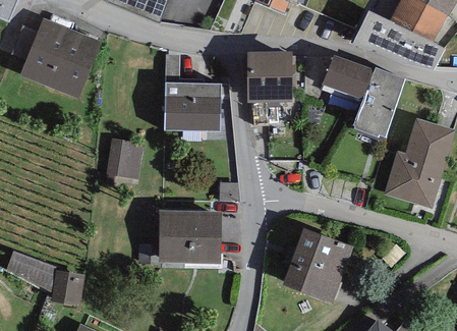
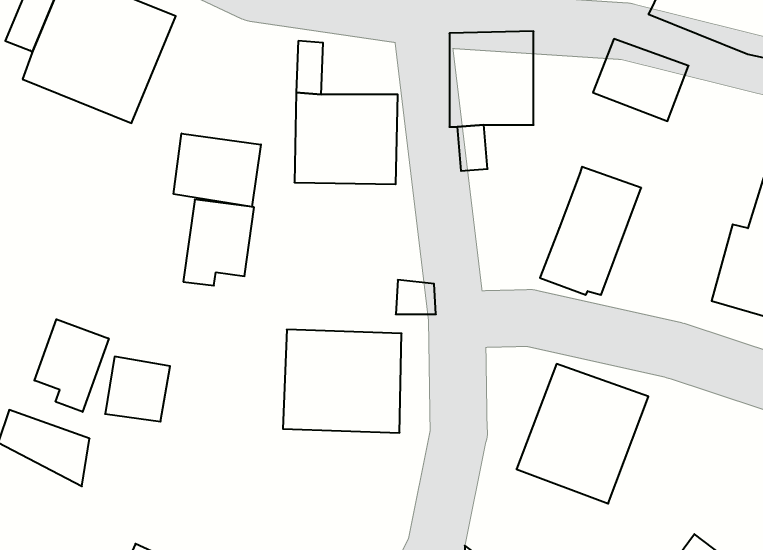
building: [352,66,406,134] -> [540,167,641,295]
building: none -> [174,133,261,207]
building: none -> [34,319,109,412]
building: [51,271,85,306] -> [105,357,170,422]

